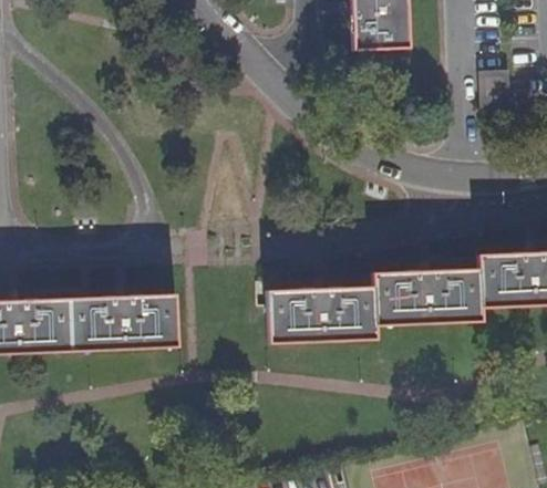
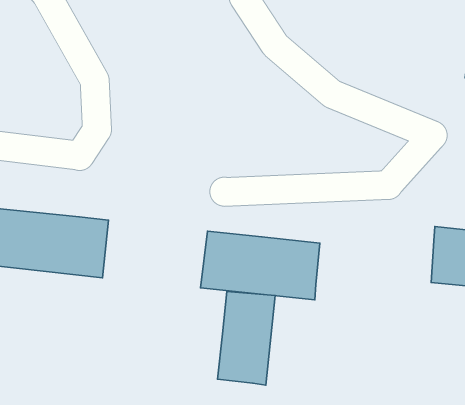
building: [371,268,481,324] -> none
building: none -> [218,291,275,385]

